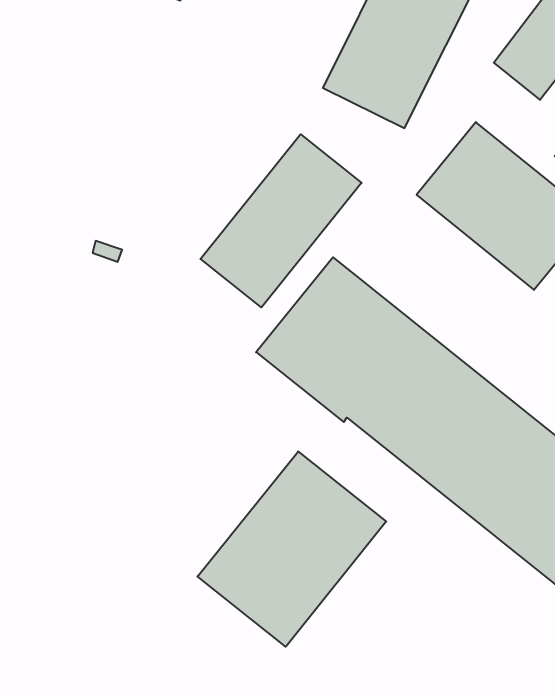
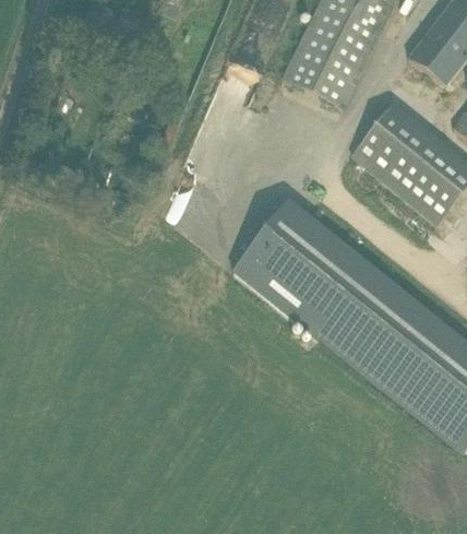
building: [200,134,362,307] -> none
building: [197,451,386,647] -> none

